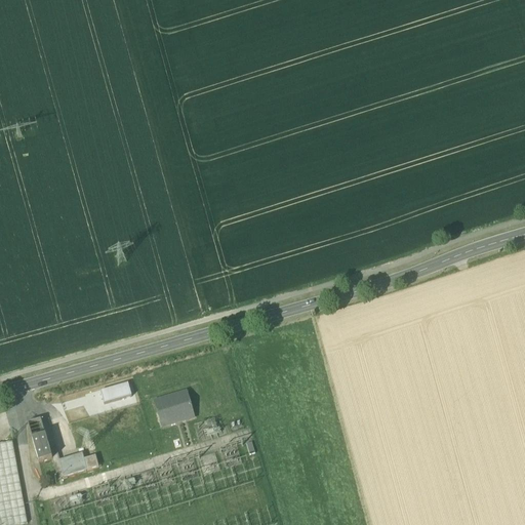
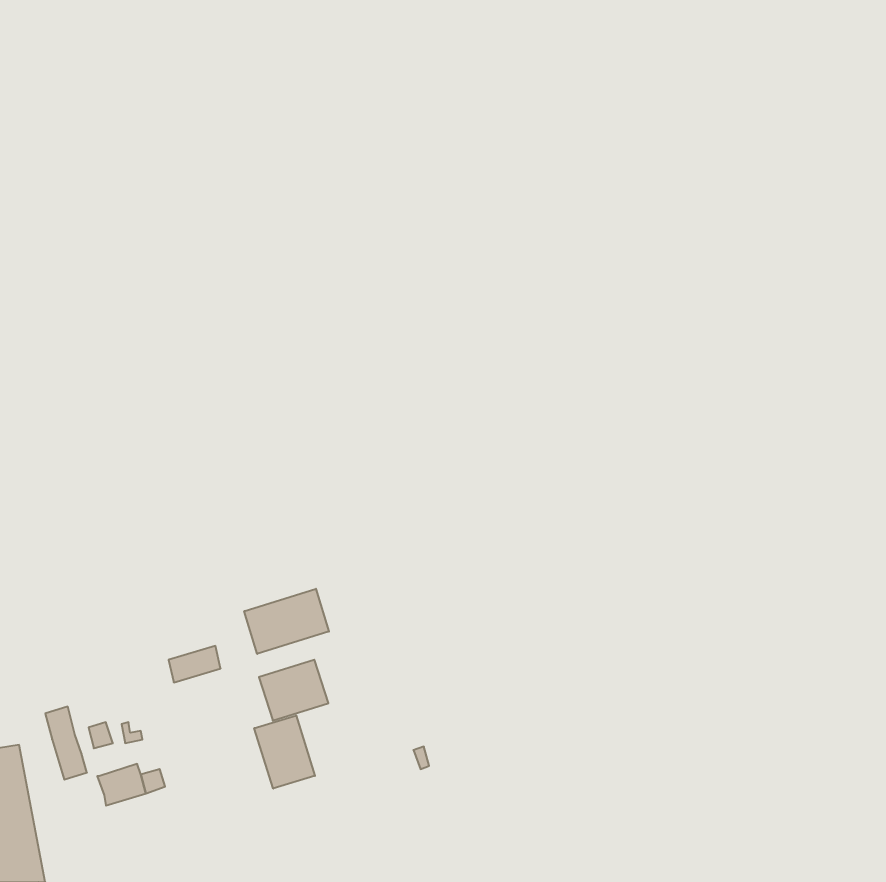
building: none -> [244,589,329,654]
building: none -> [254,715,315,789]

